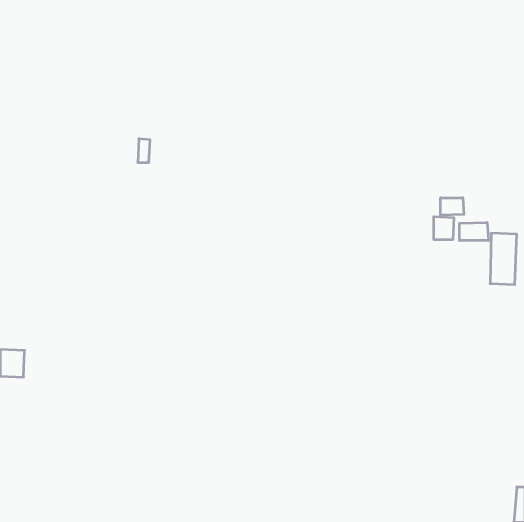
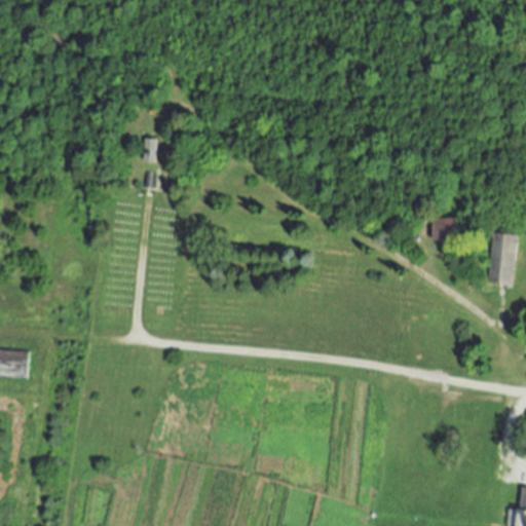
building: [441,198,464,215] -> none
building: [460,222,488,241] -> none

